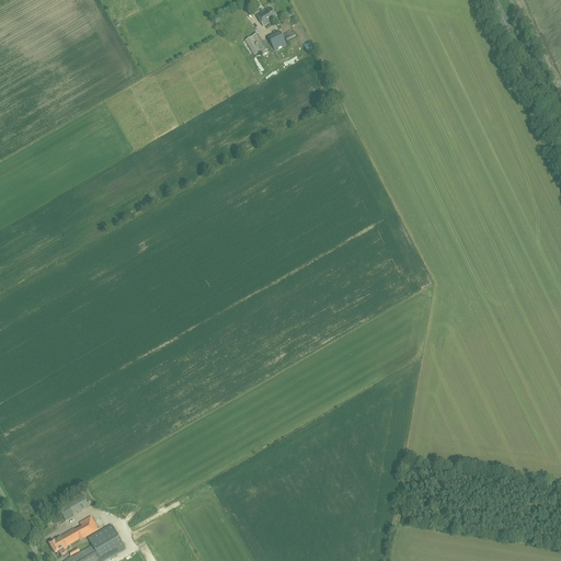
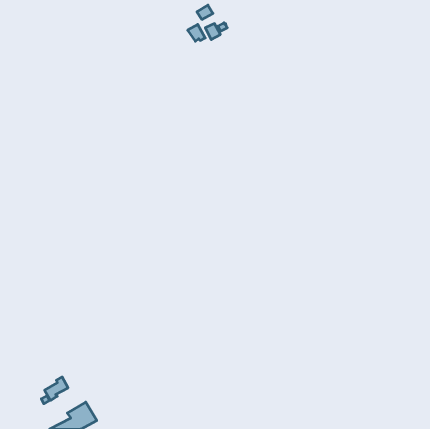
building: [48,515,99,554] -> none

